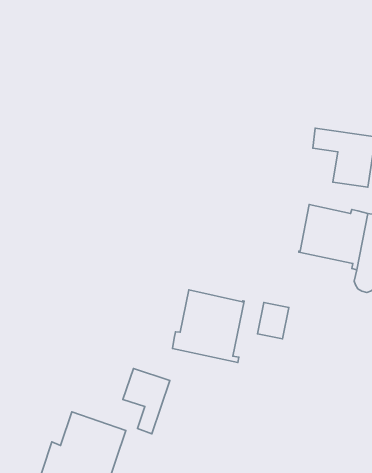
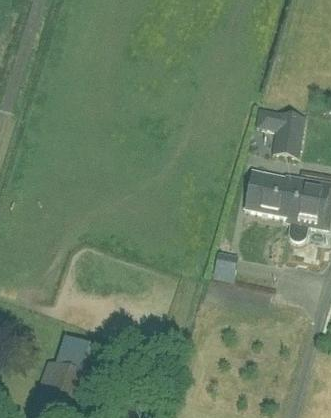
building: [173,290,244,362] -> none
building: [123,368,170,434] -> none

